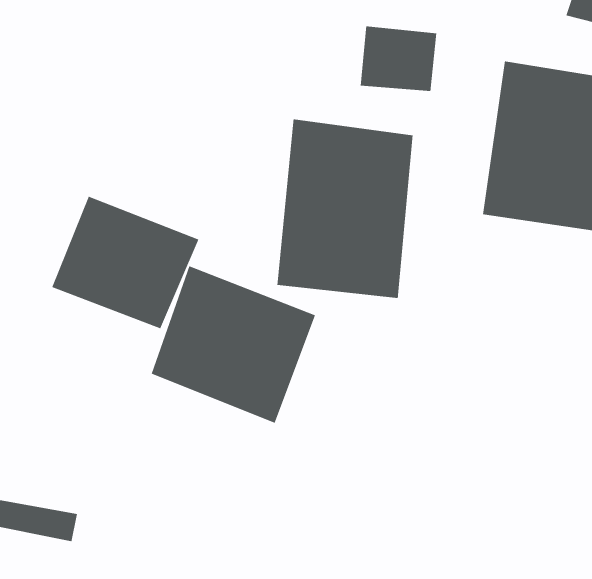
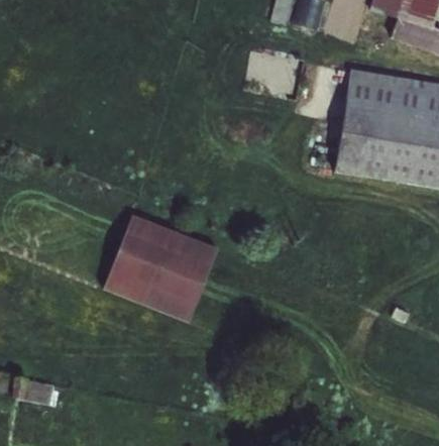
building: [277,118,413,299] -> none
building: [51,196,199,329] -> none

